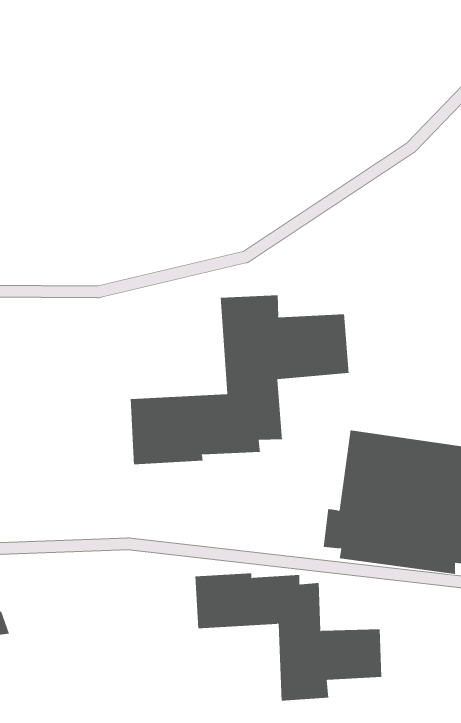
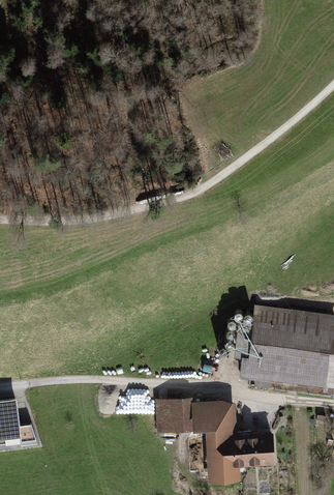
building: [130,295,349,465] -> none

